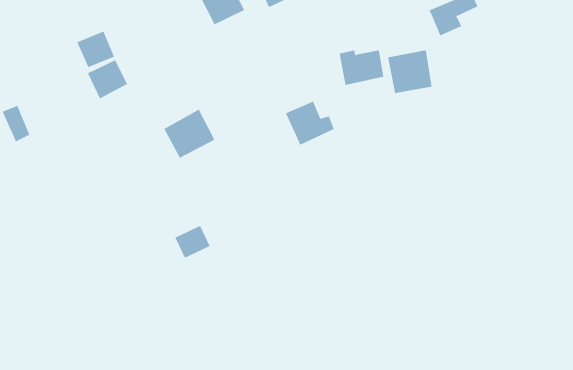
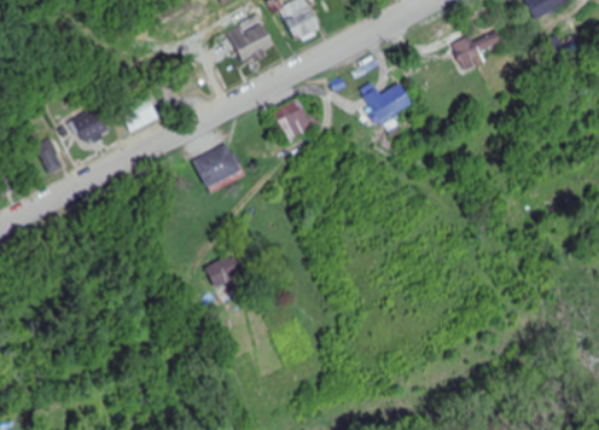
building: [77,31,115,68] -> [72,108,110,144]
building: [388,49,432,94] -> none
building: [285,101,334,145] -> [272,99,320,143]

